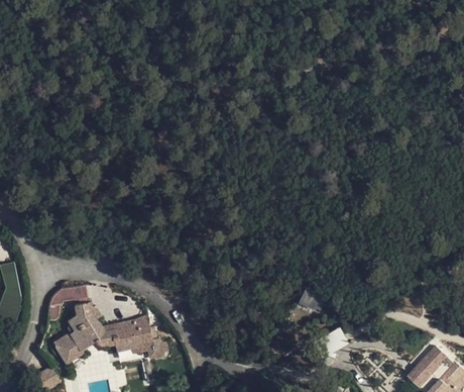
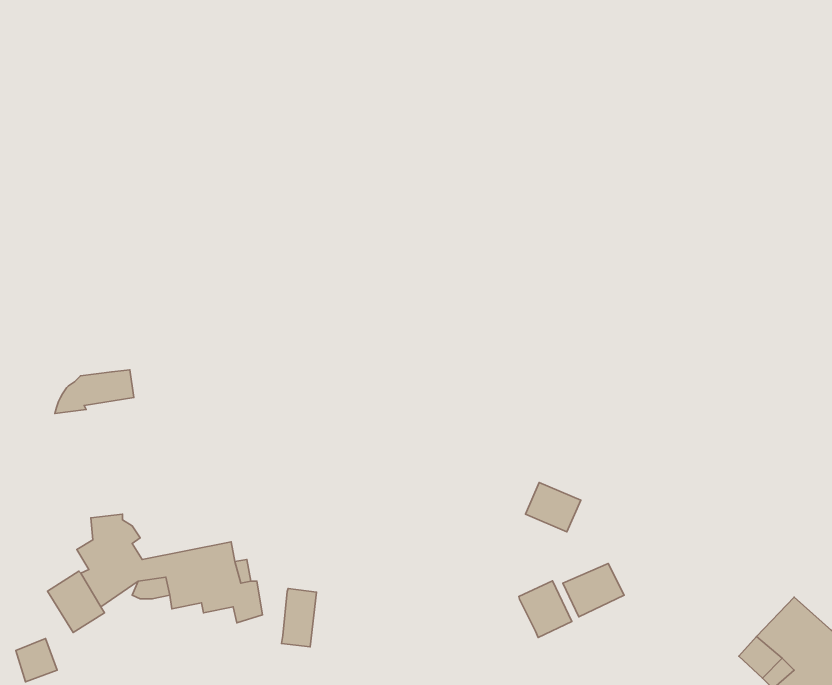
building: [47,284,88,306] -> [55,370,134,413]
building: none -> [519,581,572,637]
building: none -> [282,589,316,647]

